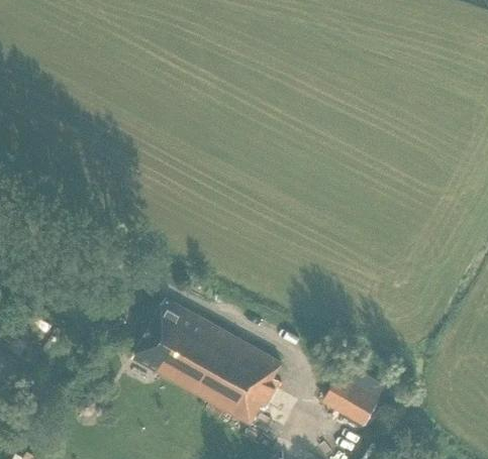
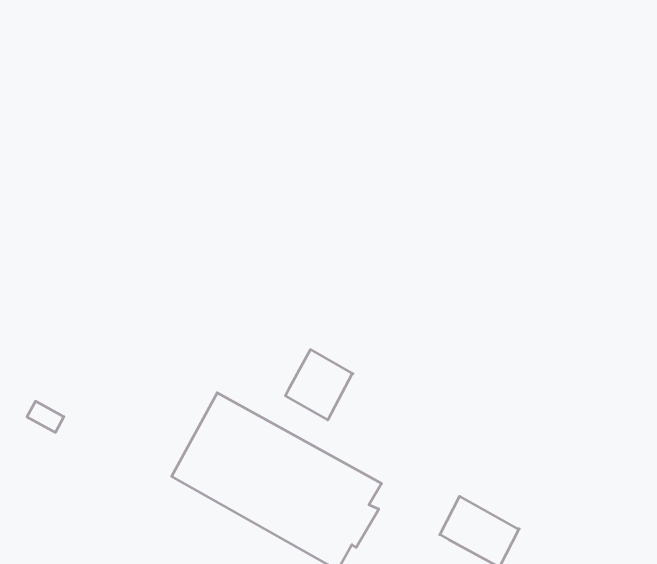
building: none -> [285,350,353,420]

